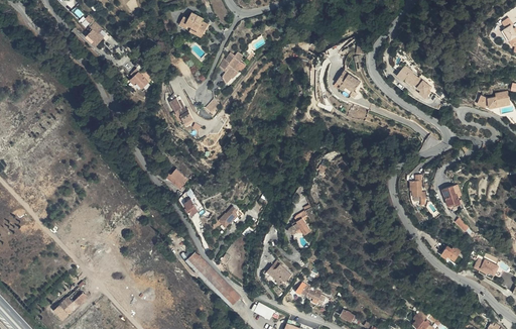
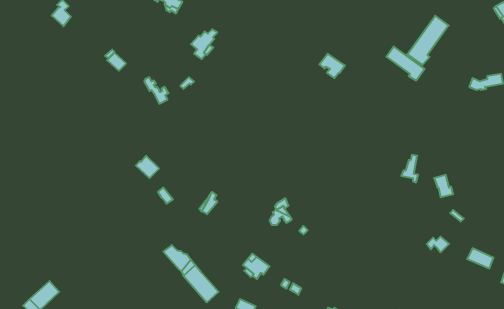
building: none -> [407,16,449,65]

